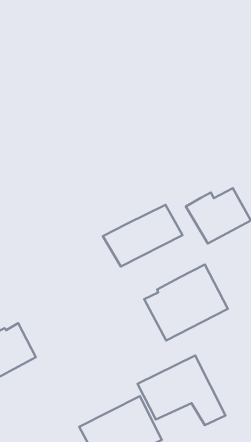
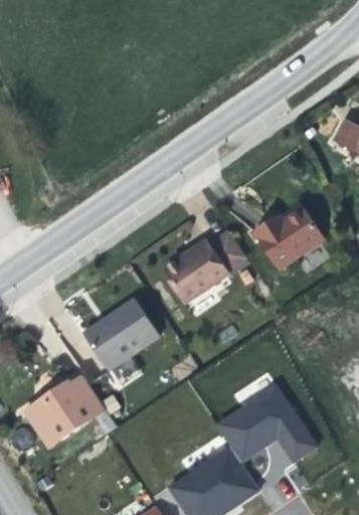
building: none -> [85,303,159,372]
building: [144,264,228,340] -> none

